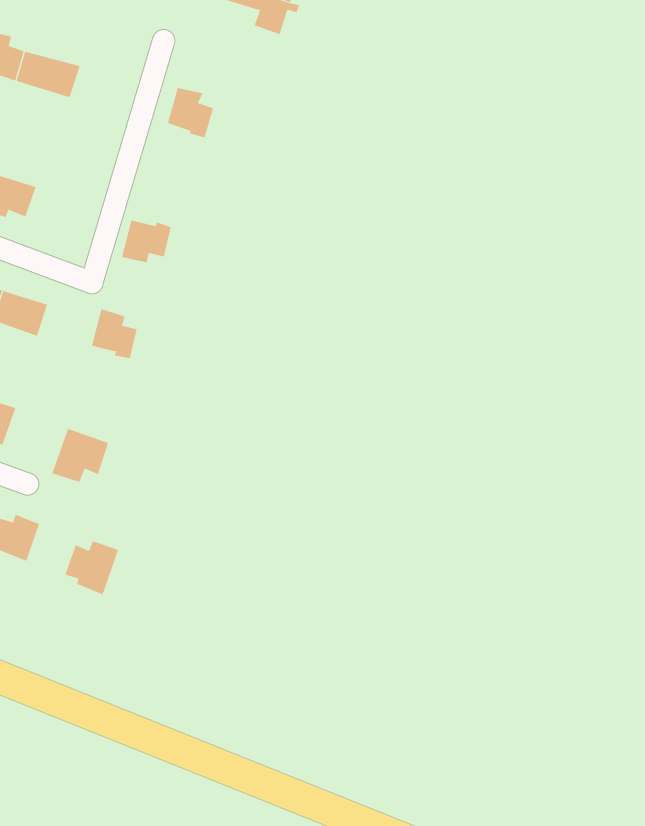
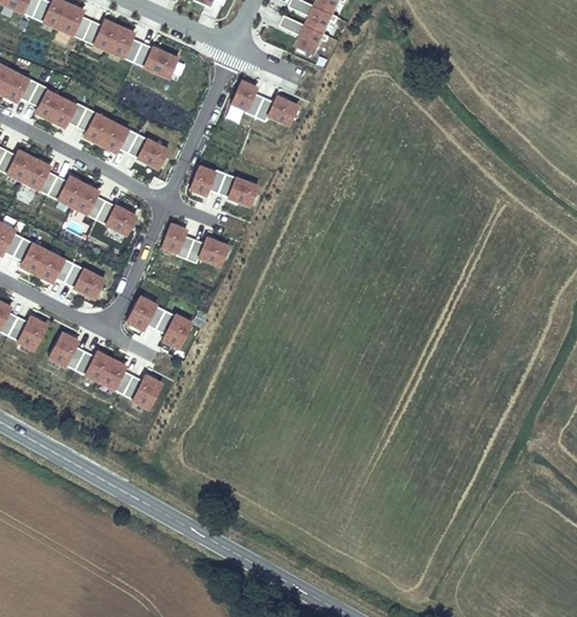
building: none -> [255,94,298,124]
building: none -> [129,134,167,169]
building: none -> [218,172,258,205]
building: none -> [187,235,229,264]
building: none -> [155,311,193,353]
building: none -> [100,359,134,395]

